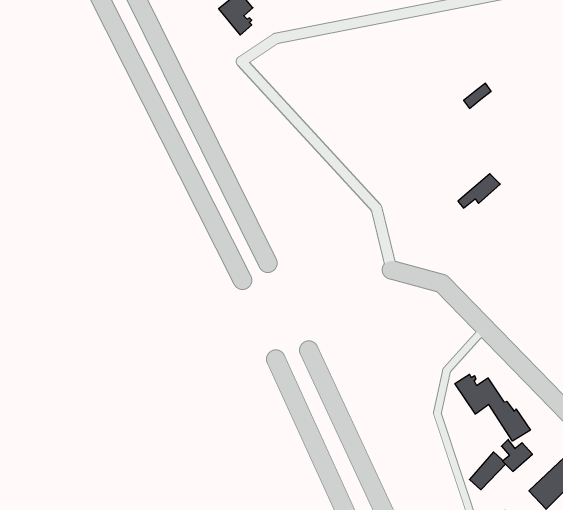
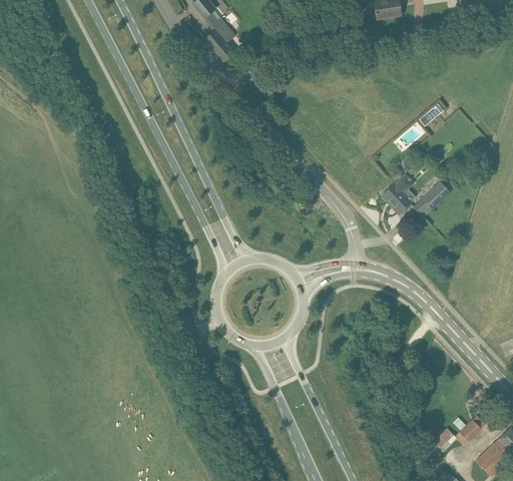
building: none -> [382,173,415,211]
building: [455,374,530,441] -> none

